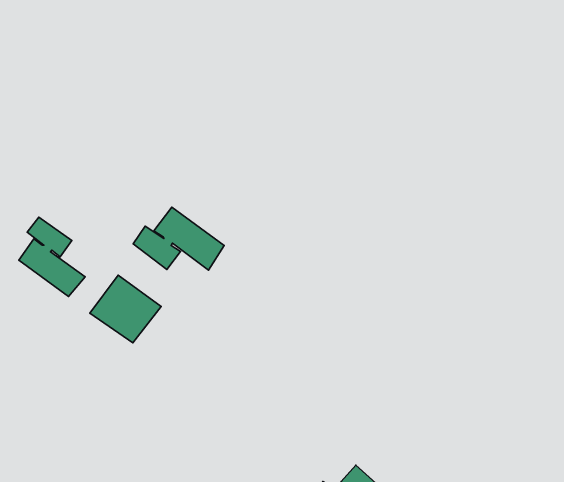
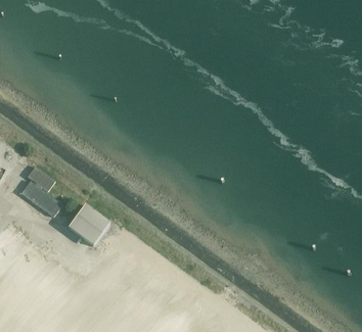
building: [133,207,224,270] -> none

